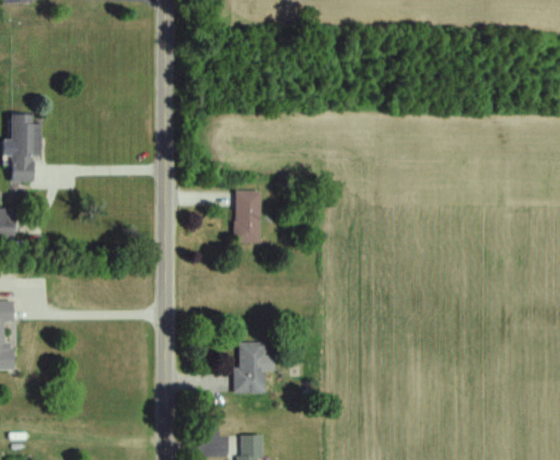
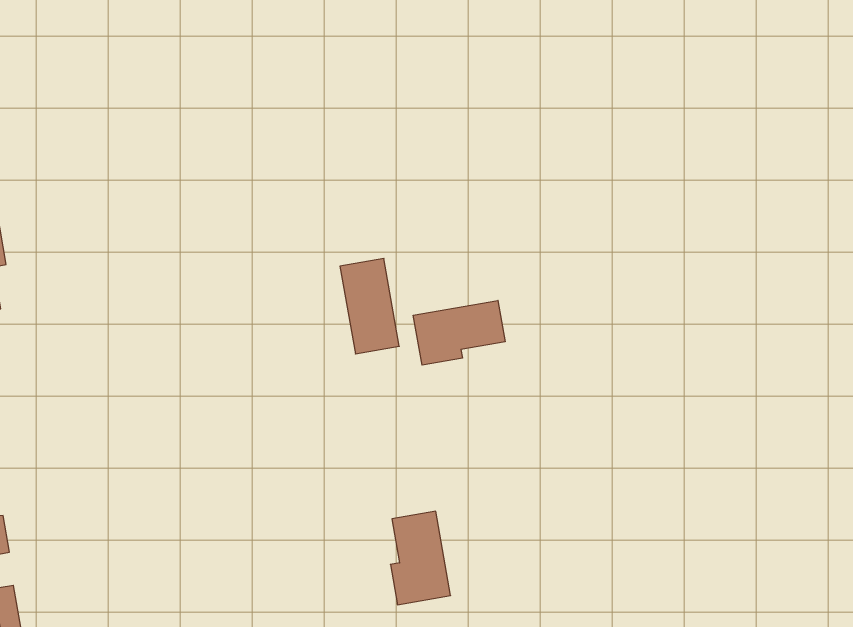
building: none -> [413,300,505,365]

